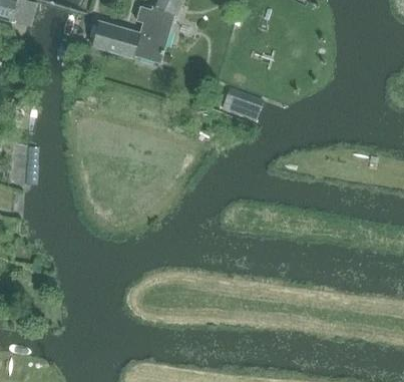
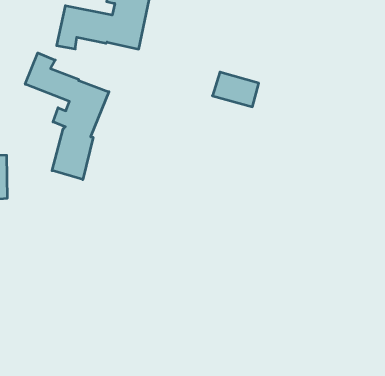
building: none -> [25,53,109,180]

